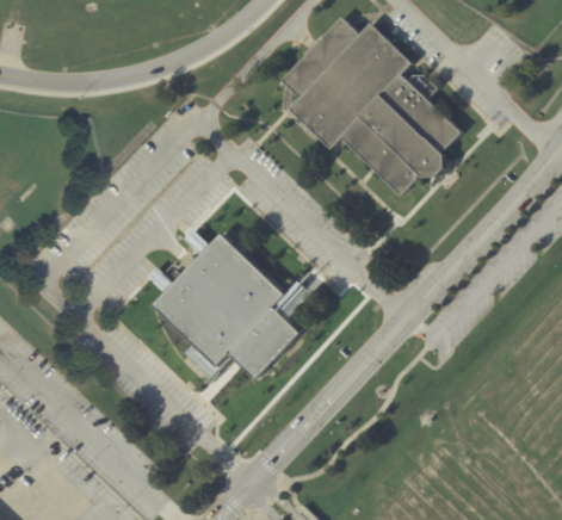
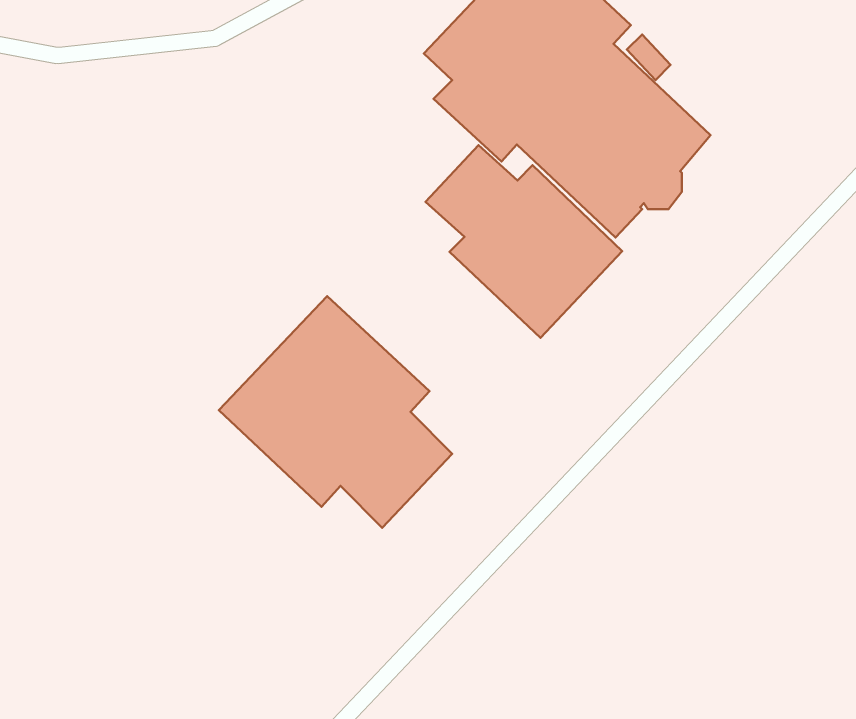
building: none -> [426,145,622,338]

